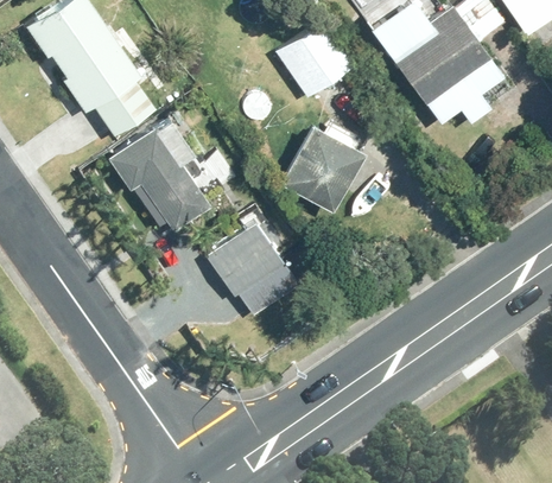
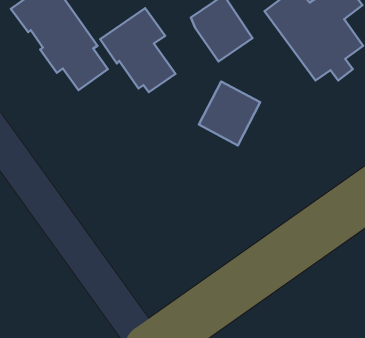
building: [107,116,210,231] -> [100,8,176,92]
building: [205,220,286,298] -> none

